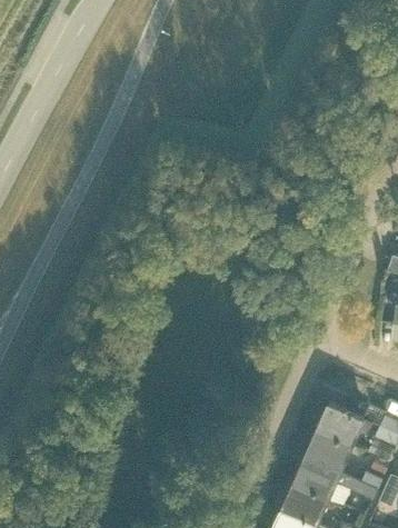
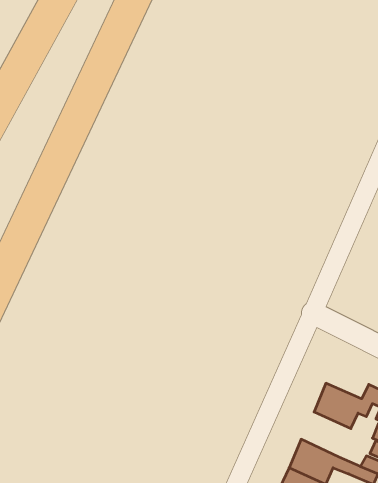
building: [306,430,352,472] -> none

